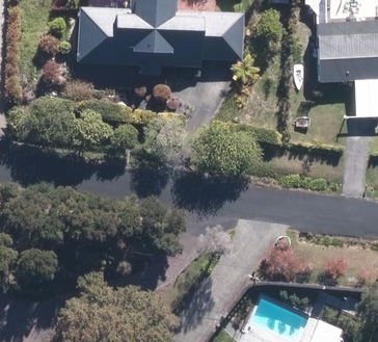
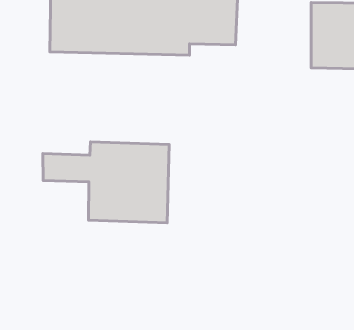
building: none -> [43,142,169,223]

